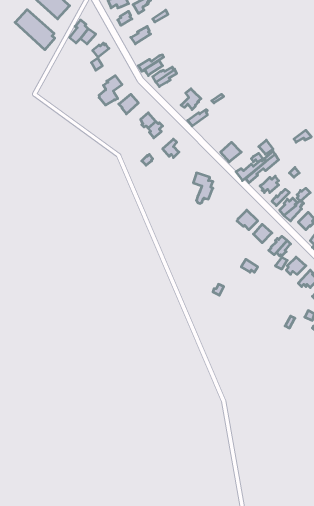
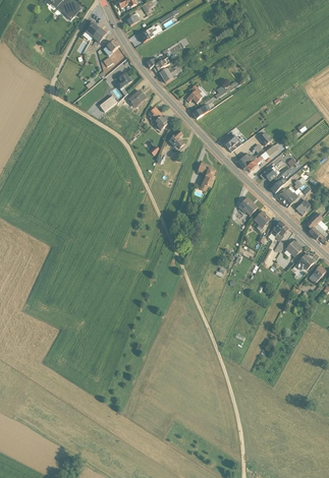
building: [15,10,55,50] -> none

